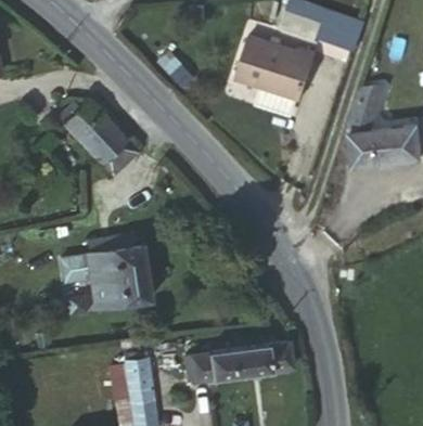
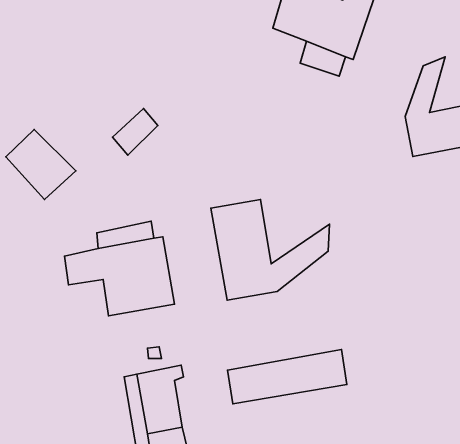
building: [66,100,125,158] -> [6,129,76,199]
building: none -> [211,199,329,300]

